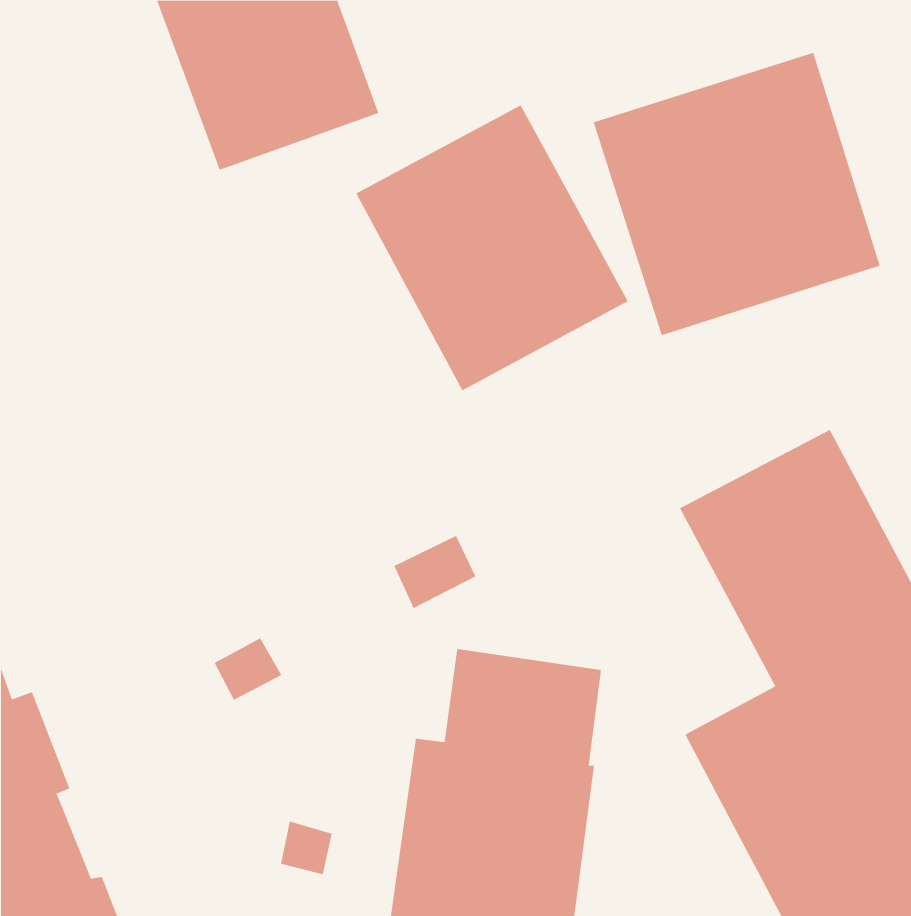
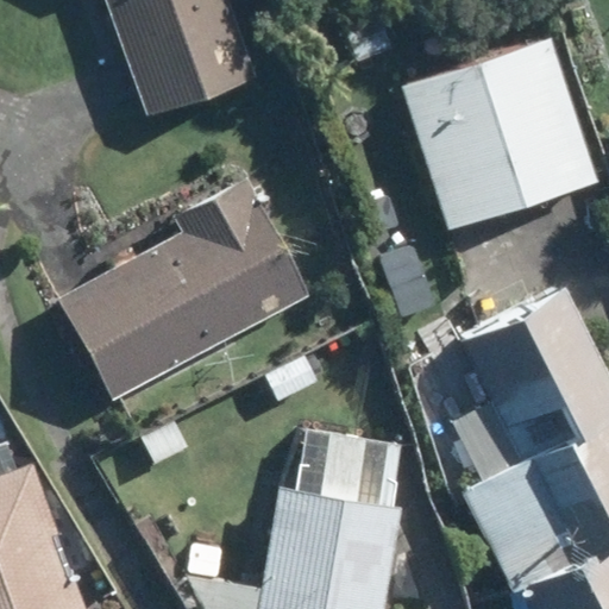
building: [356,104,629,391] -> none
building: none -> [63,180,310,400]

